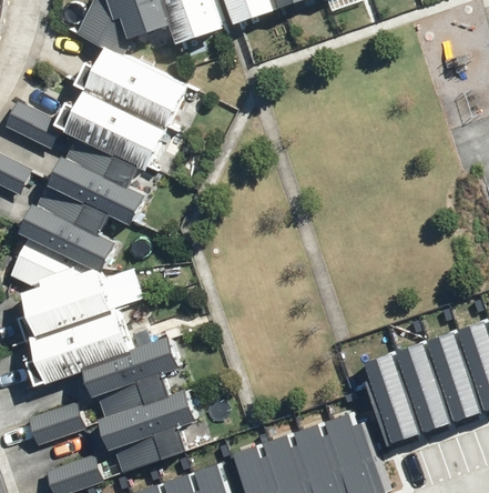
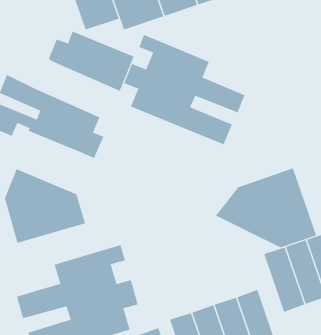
building: none -> [124,34,245,145]
building: [51,93,169,173] -> none
building: [20,188,123,275] -> none
building: none -> [215,167,317,248]
building: [26,316,132,384] -> none

